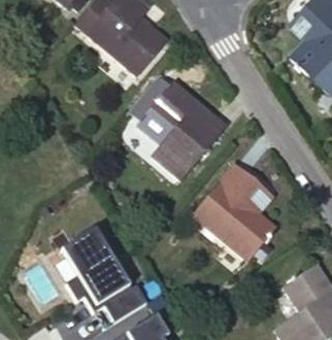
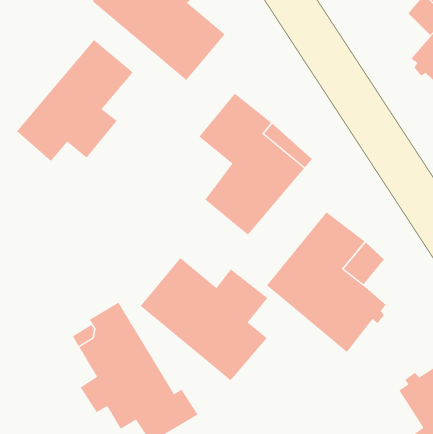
building: none -> [16,39,133,162]
building: none -> [140,257,268,381]

